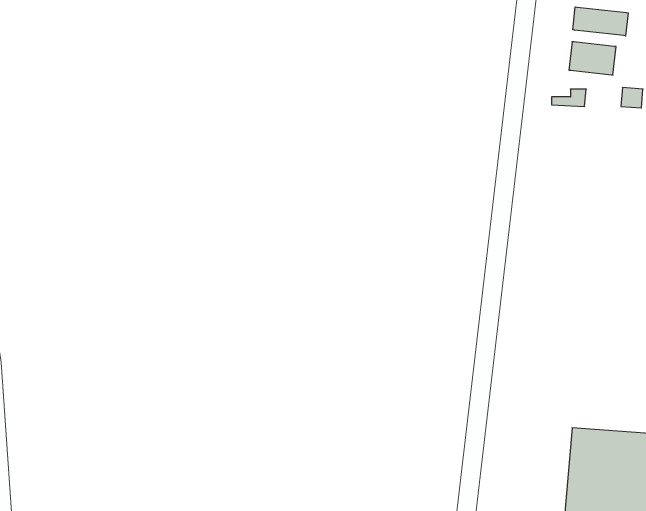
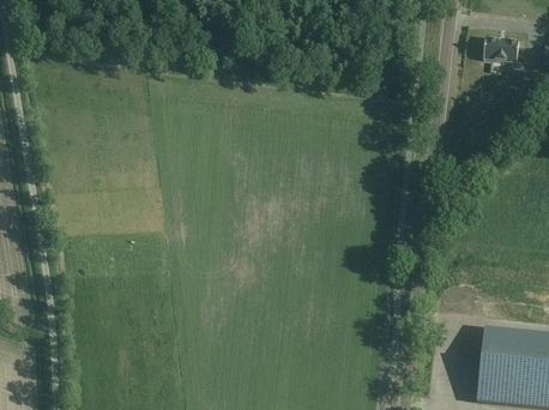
building: [573,7,628,36] -> none

